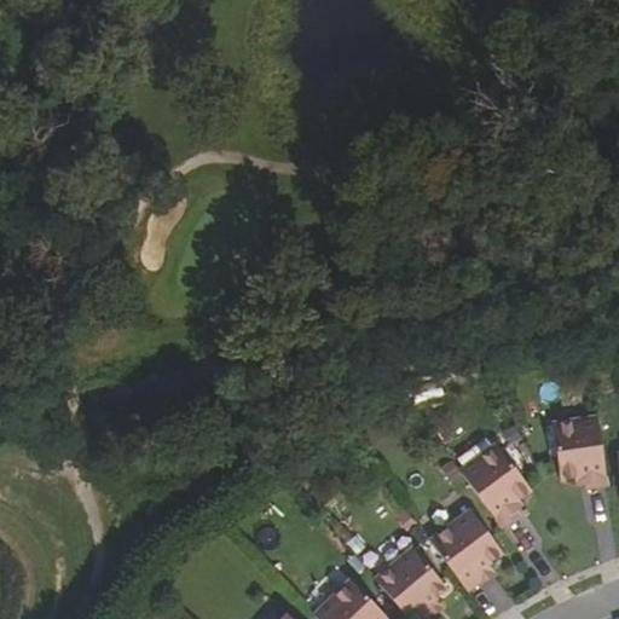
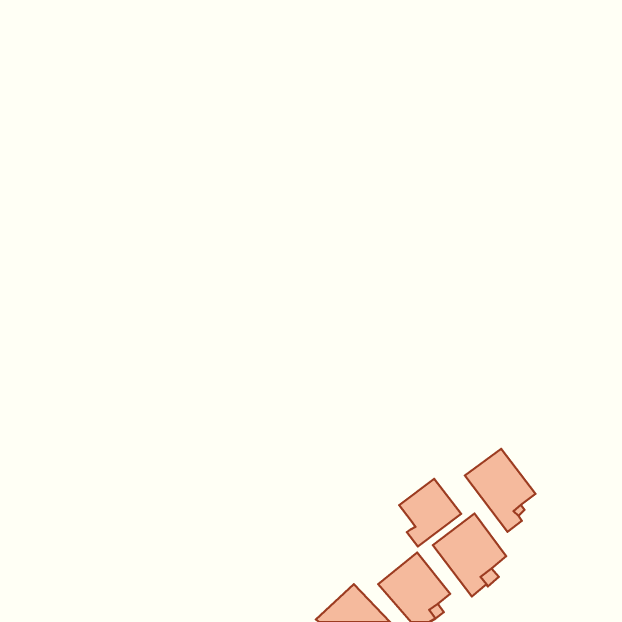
building: [553,417,607,490] -> none
building: none -> [399,479,461,546]

